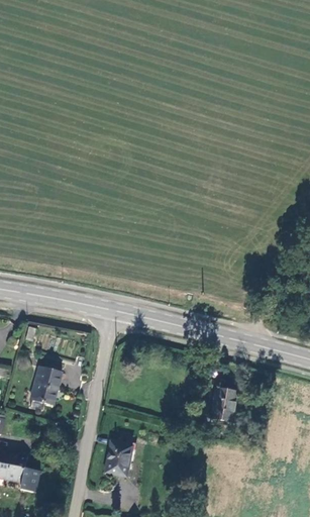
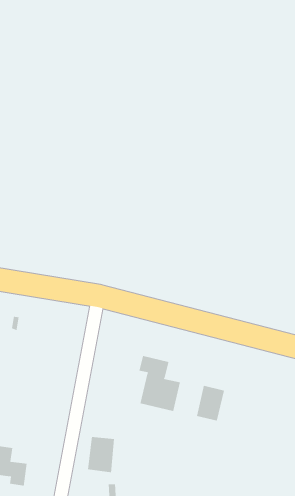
building: none -> [139,355,180,412]
building: [32,365,65,405] -> none

